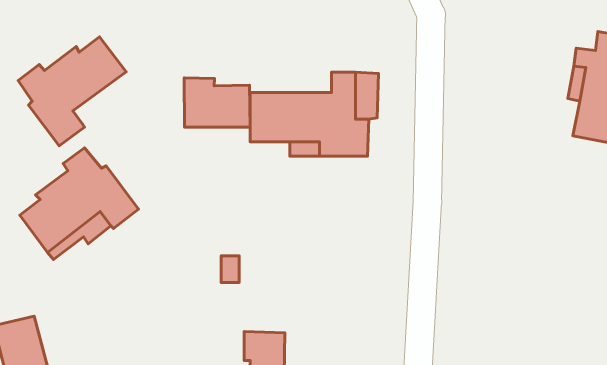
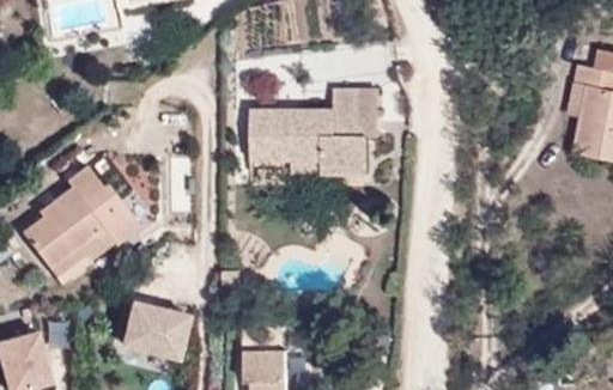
building: [18,37,126,146] -> none
building: [184,78,250,127] -> none
building: none -> [121,304,186,360]

